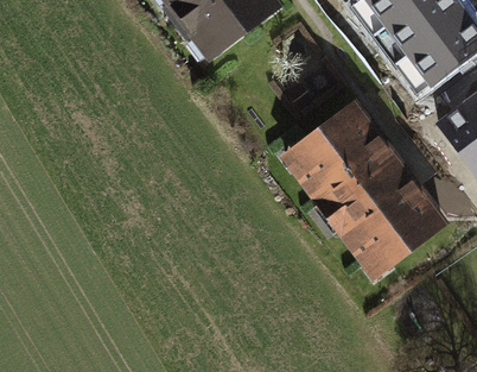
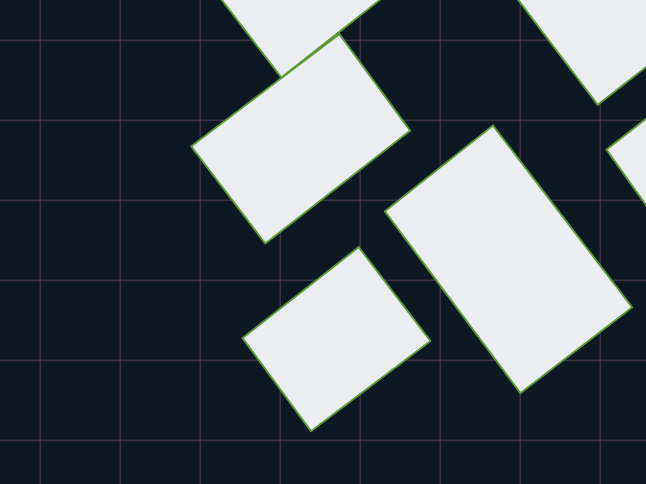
building: none -> [191,34,410,243]
building: none -> [242,247,430,431]

